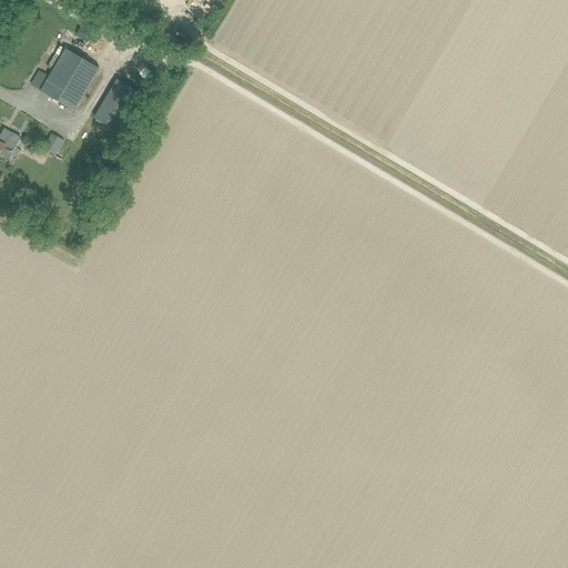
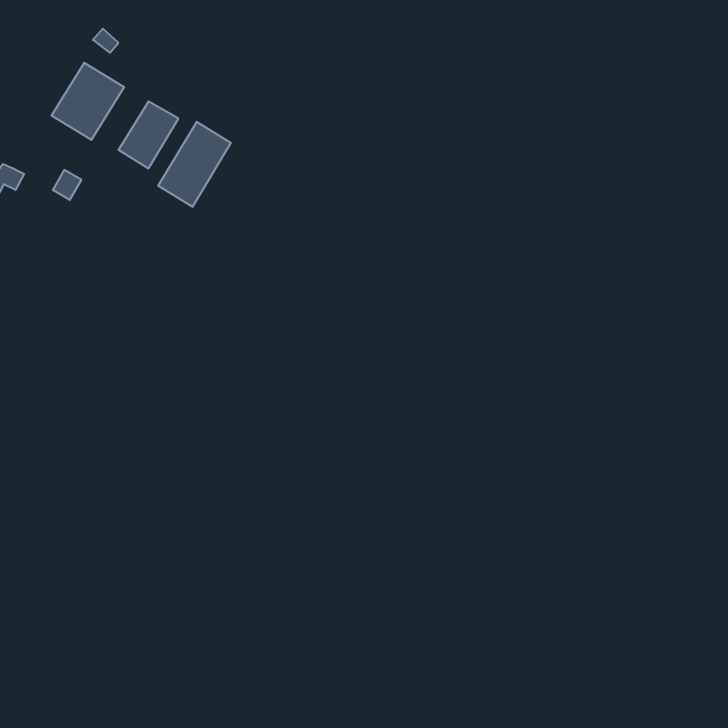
building: none -> [158,122,231,207]

